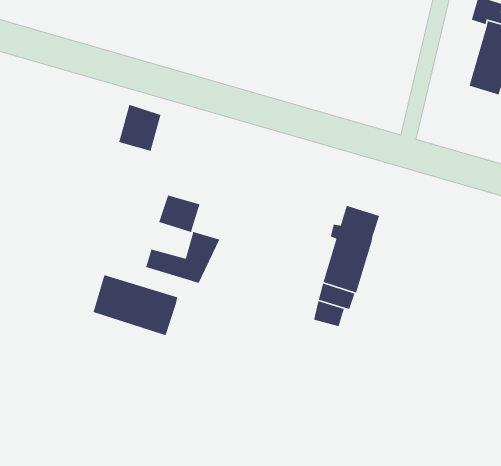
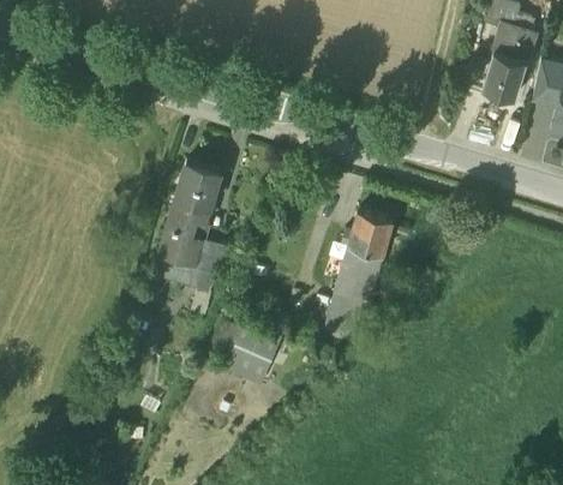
building: [118,104,162,152] -> [176,160,221,209]
building: none -> [160,228,202,264]
building: [92,274,178,336] -> none
building: none -> [221,317,282,383]

